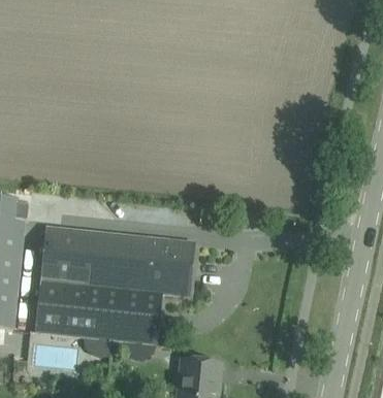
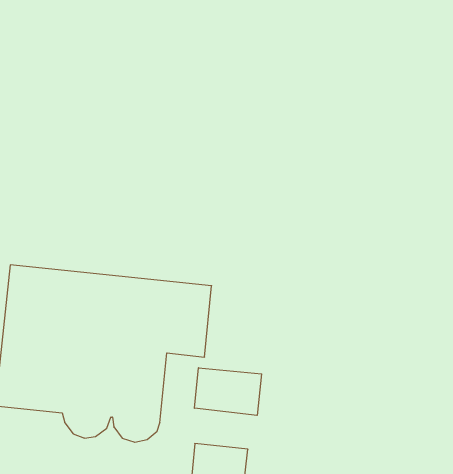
building: none -> [194,368,262,415]

